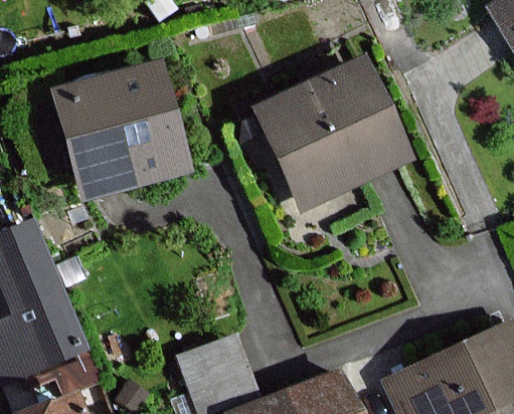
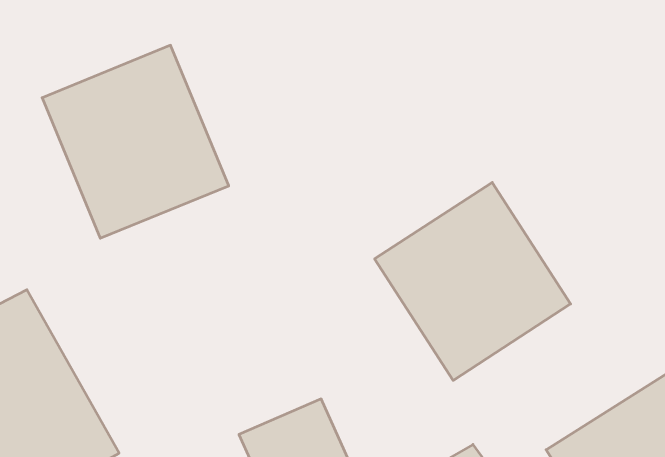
building: [262,62,414,204] -> none
building: none -> [375,182,571,380]

